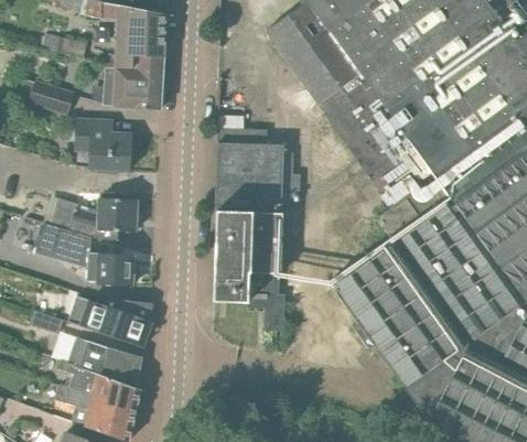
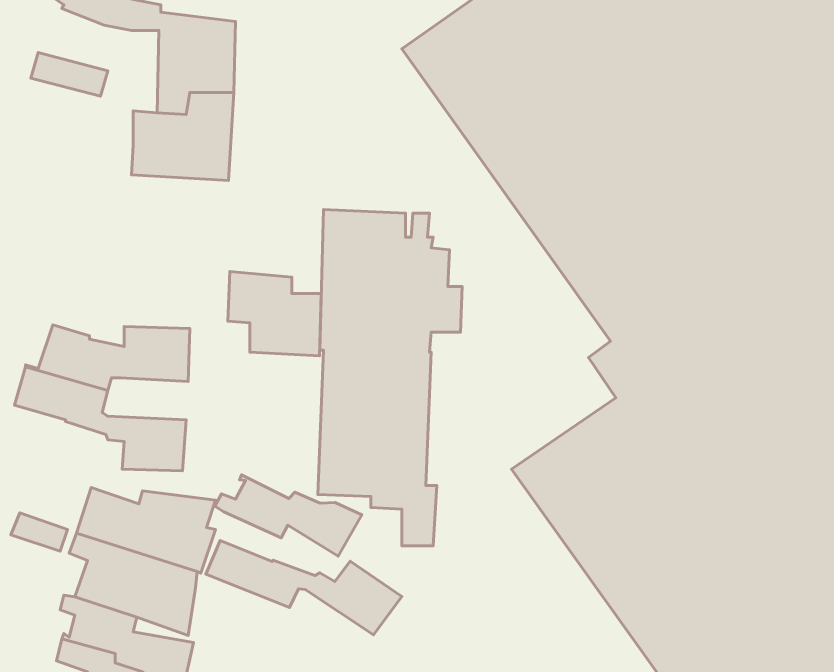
building: [30,79,76,116] -> none
building: [74,119,130,170] -> [228,272,321,356]
building: none -> [215,475,362,556]
building: none -> [206,541,402,635]

